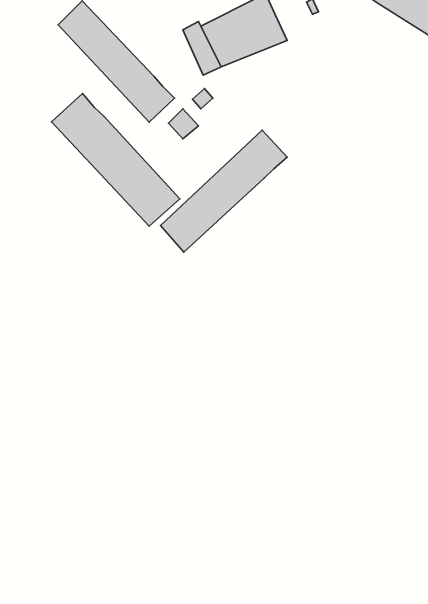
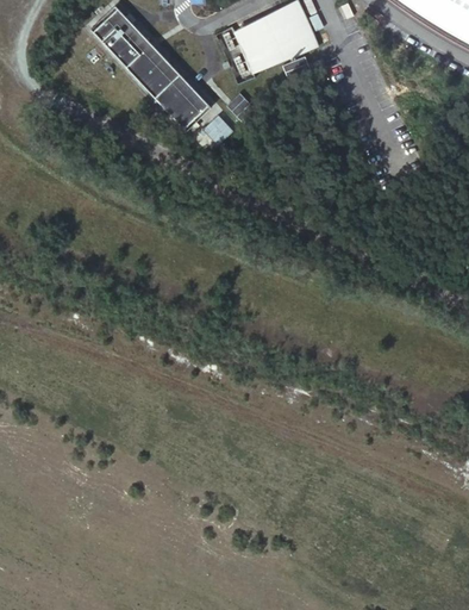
building: [51,93,180,226] -> none
building: [160,130,287,252] -> none

